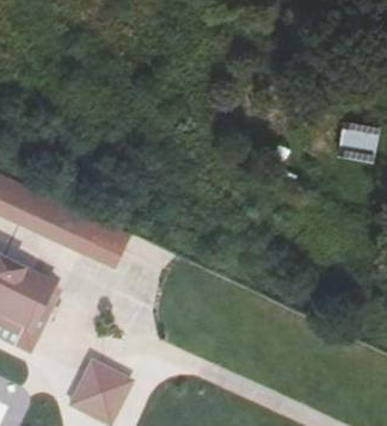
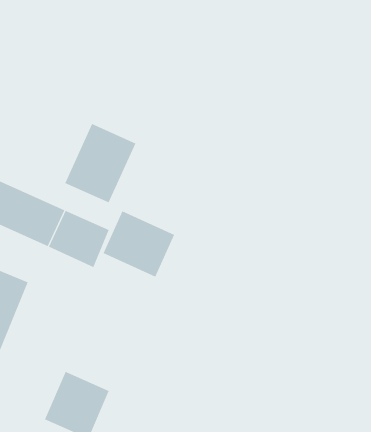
building: none -> [64,123,136,203]
building: none -> [103,210,175,278]

